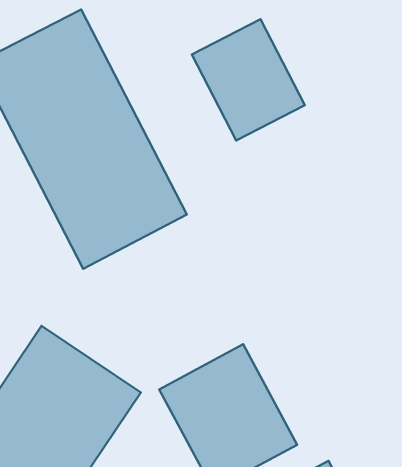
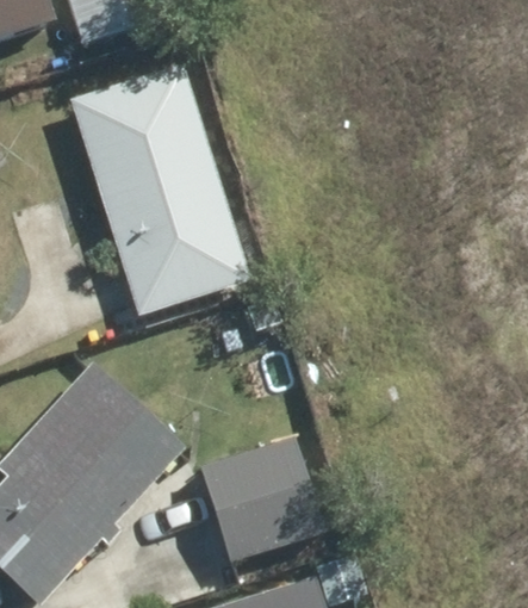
building: [192,19,305,141] -> none

